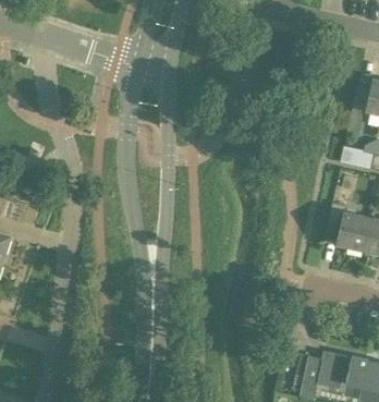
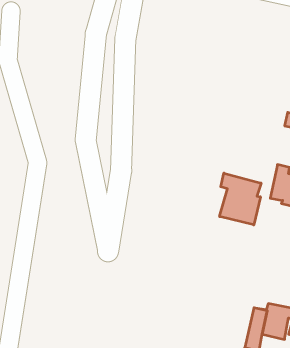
building: none -> [220,173,261,225]

